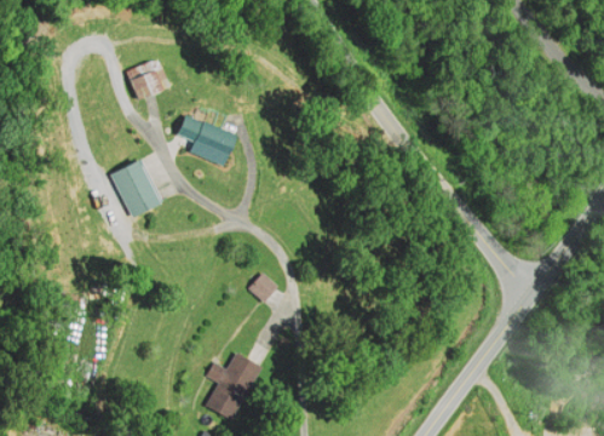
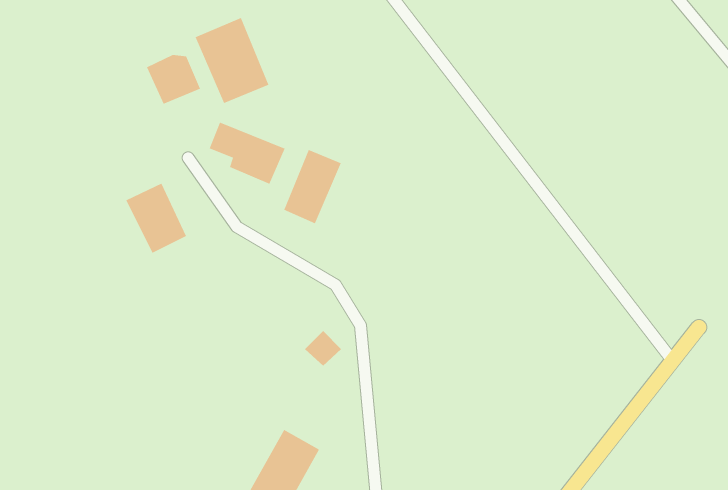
building: none -> [195,17,269,104]
building: none -> [284,149,342,224]

